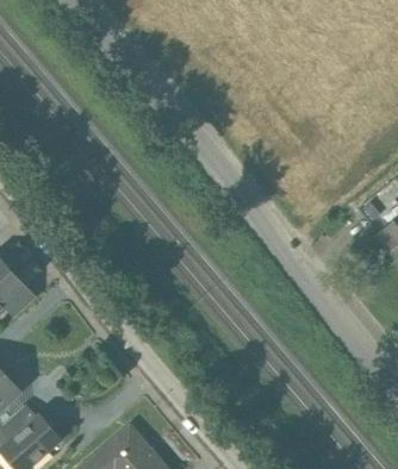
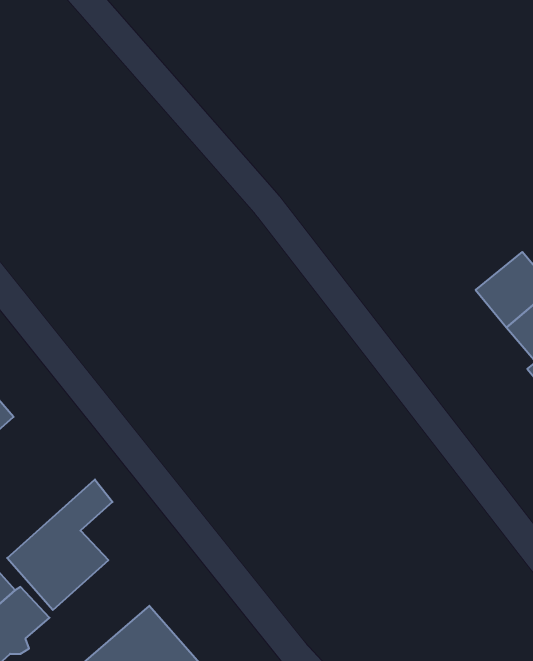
building: none -> [7,479,113,610]

